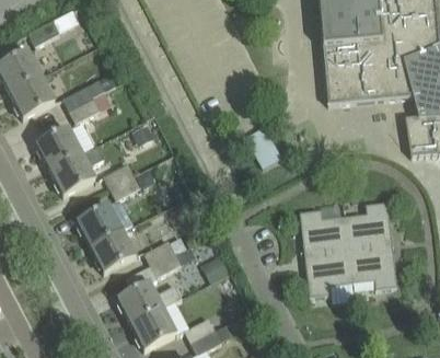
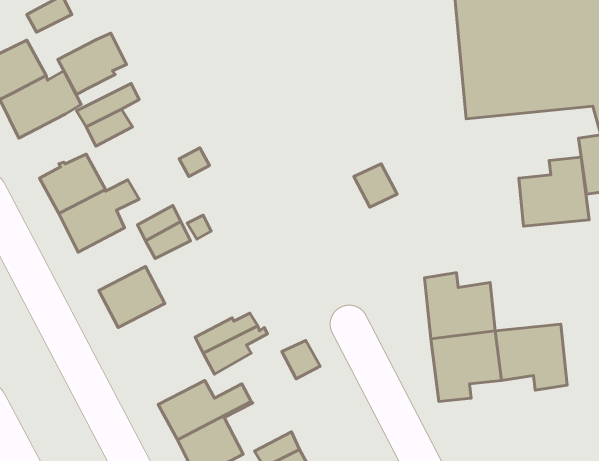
building: none -> [58,33,127,94]
building: [345,200,393,247] -> [519,157,589,226]
building: [91,229,136,272] -> none

